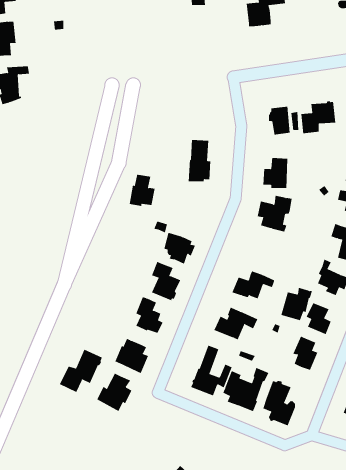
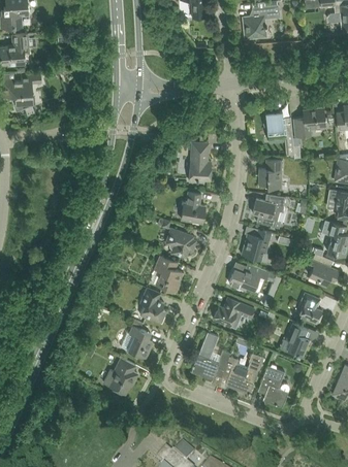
building: [129,174,155,206] -> [181,192,205,222]
building: [280,287,313,321] -> [242,229,272,260]
building: [59,349,103,393] -> none

